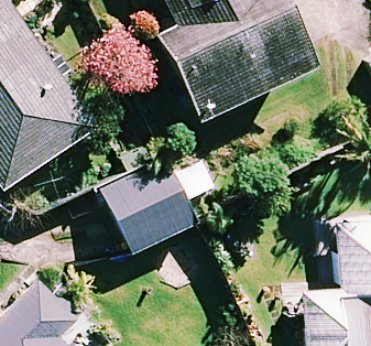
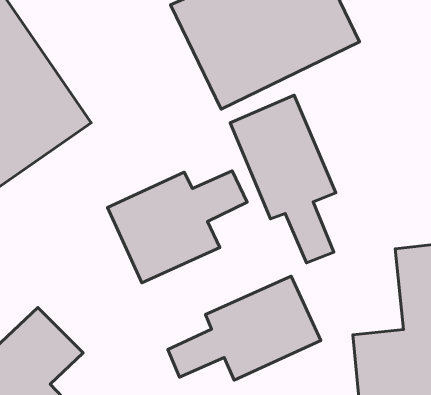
building: none -> [230,95,336,263]
building: none -> [168,276,321,380]

